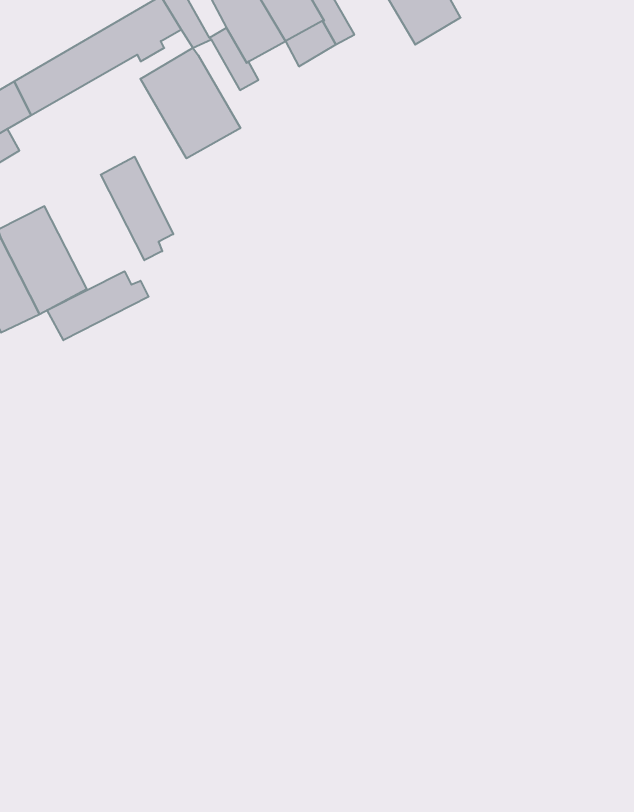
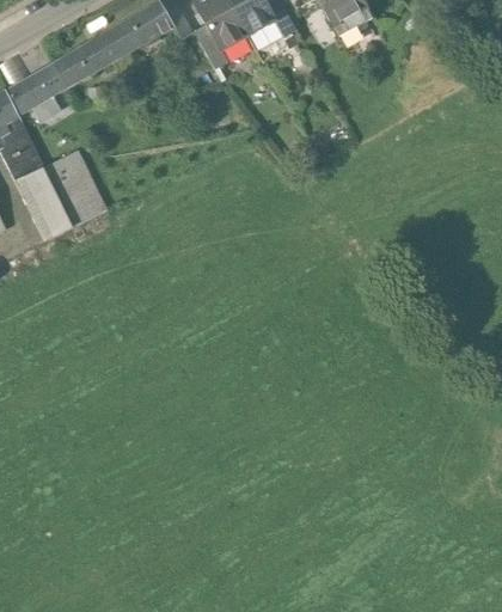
building: [140,48,240,158] -> none
building: [101,157,173,260] -> none
building: [47,271,149,340] -> none

